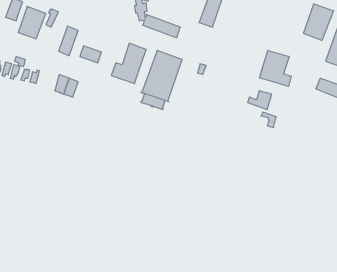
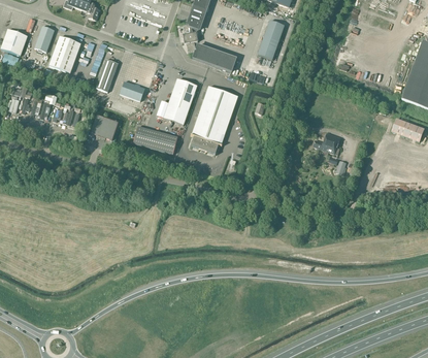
building: [304,4,333,41] -> none
building: [259,50,291,86] -> none
building: none -> [133,126,177,154]

